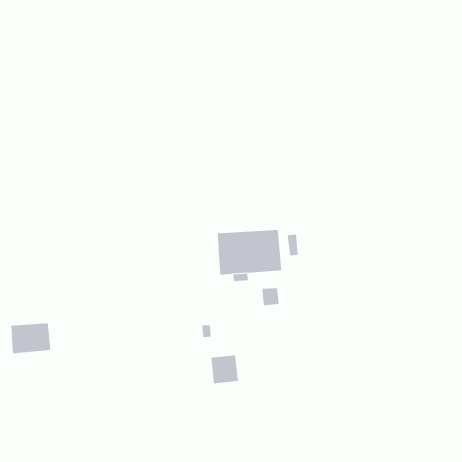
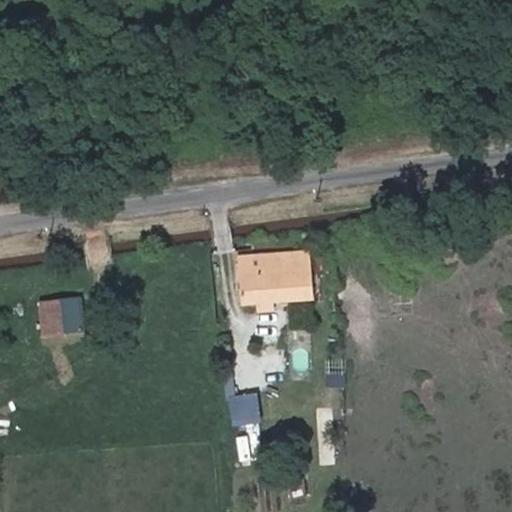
building: [10,323,51,354] -> [38,301,83,335]

